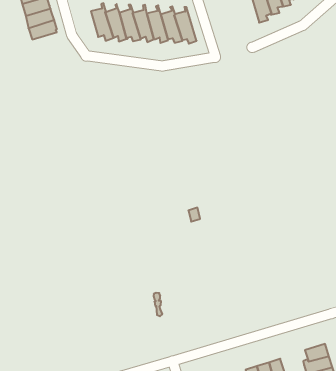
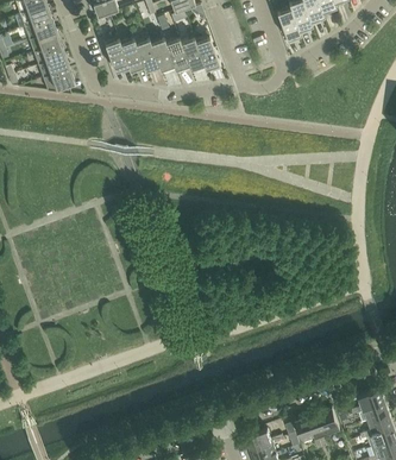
building: none -> [43,69,75,95]

